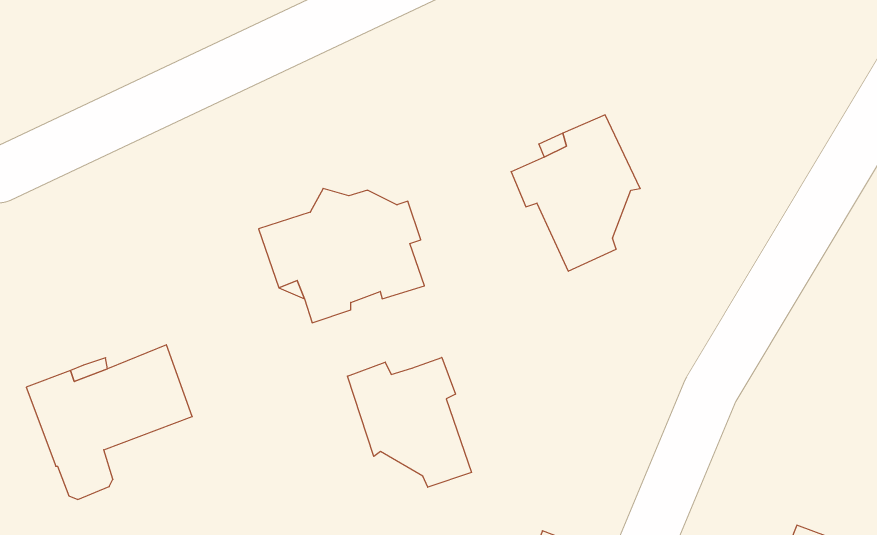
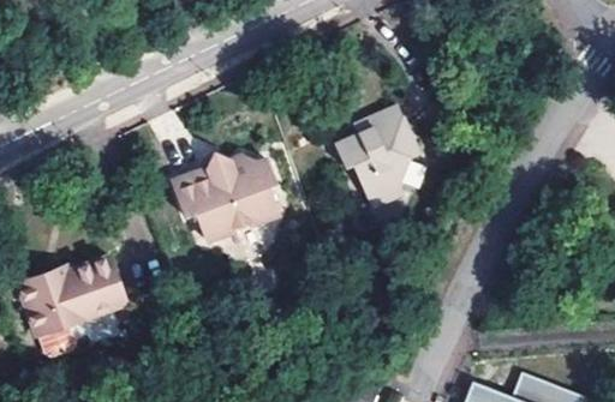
building: [347,357,471,487] -> none

